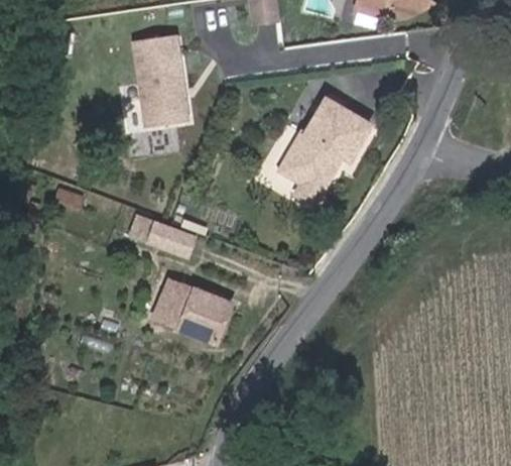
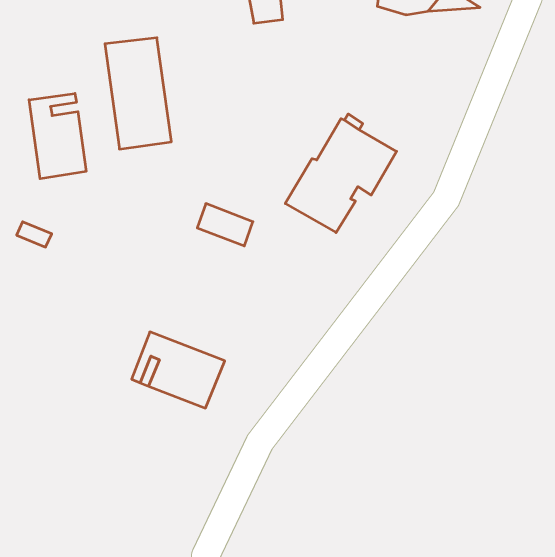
building: none -> [29,93,86,179]
building: [147,220,194,255] -> [197,204,253,246]

